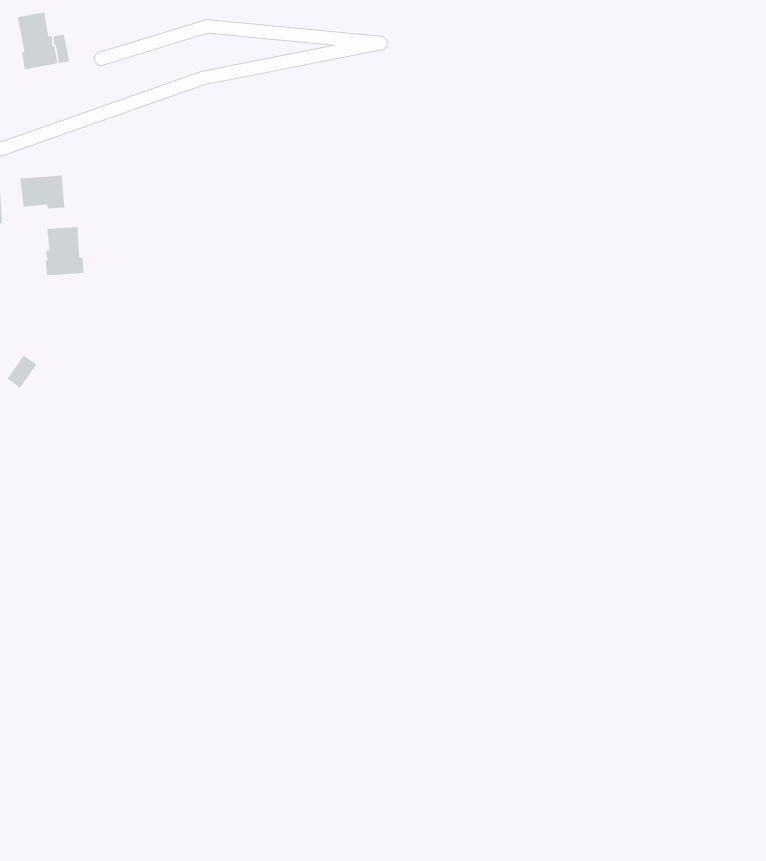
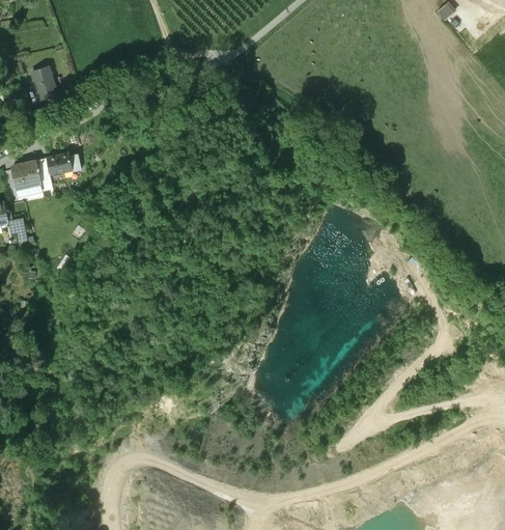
building: [45,226,85,276] -> none

